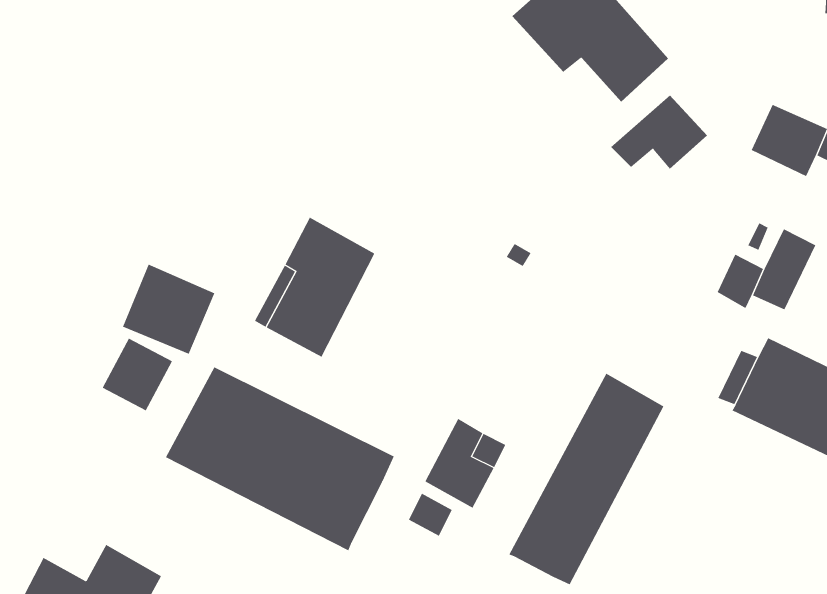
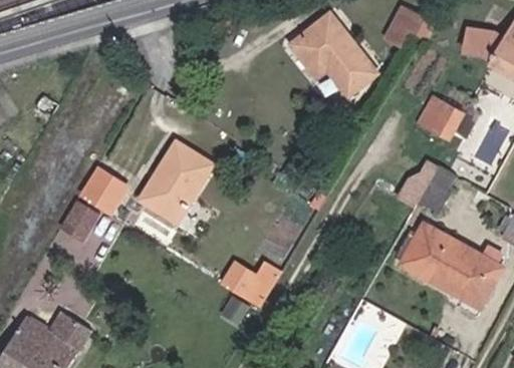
building: [610,94,708,169] -> none
building: [165,367,395,551] -> none
building: [508,373,664,585] -> none

